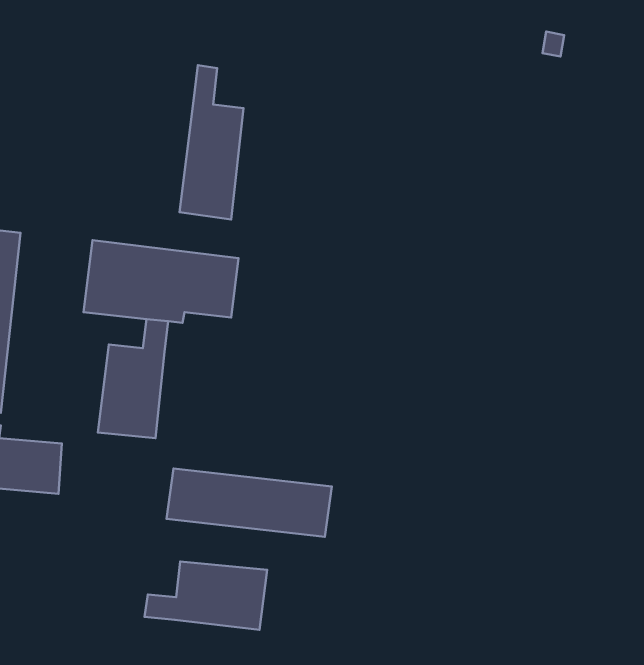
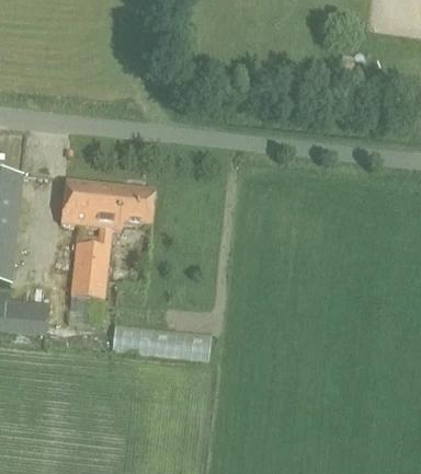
building: [180,65,244,219] -> none
building: [145,561,267,630] -> none

